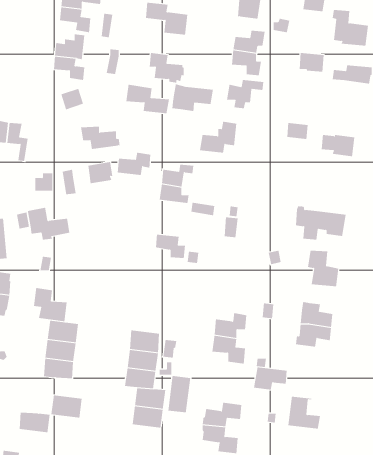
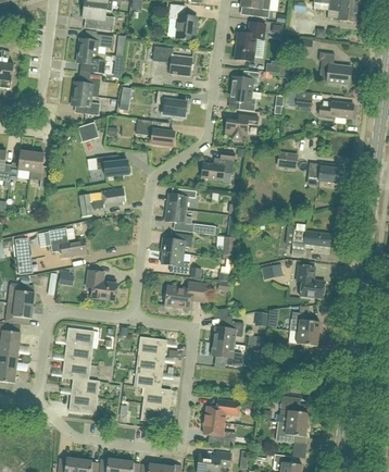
building: [172,84,214,112] -> none
building: [117,152,151,175] -> [161,233,191,253]
building: none -> [164,282,205,309]
building: [33,288,68,322] -> [86,270,116,300]
building: [253,367,288,390] -> [275,421,305,442]
building: [168,375,191,413] -> none
building: [19,412,51,433] -> [71,378,99,397]

